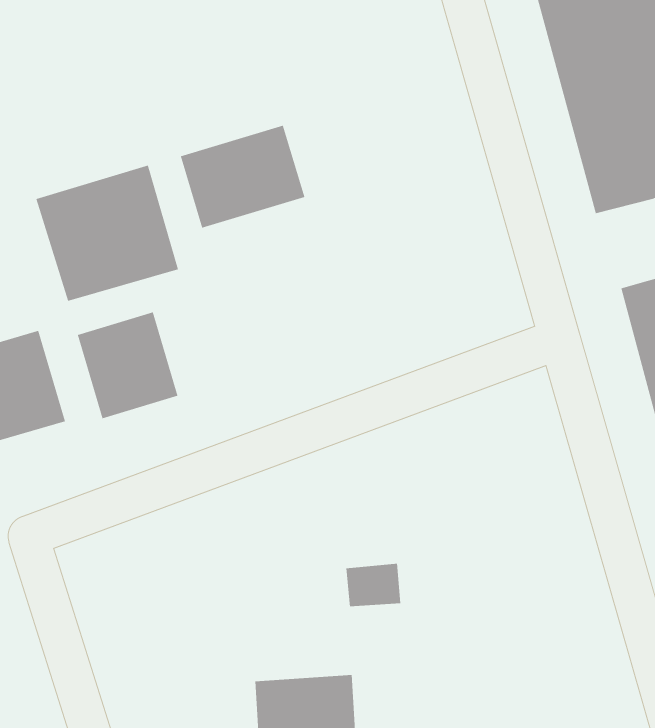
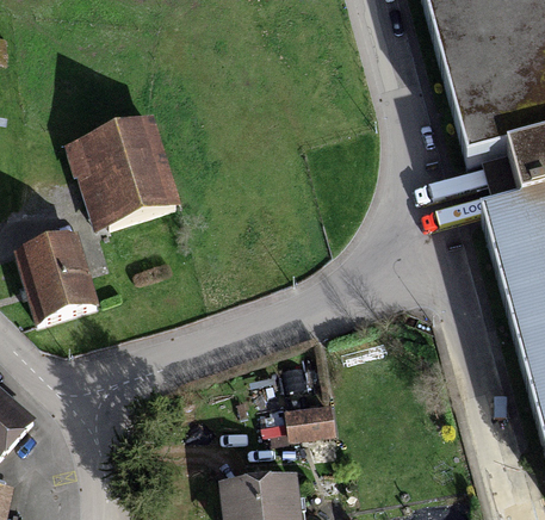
building: [180,125,305,228] -> none
building: [77,311,178,419] -> none

